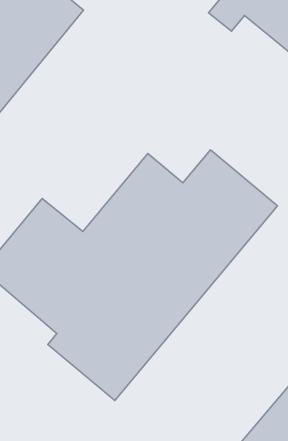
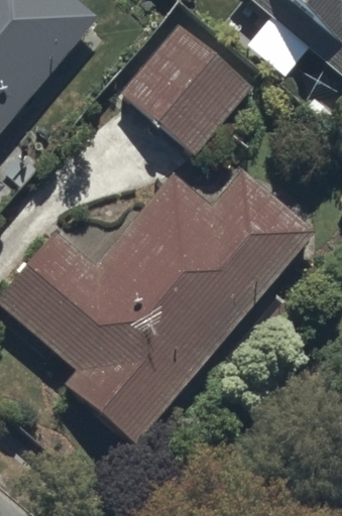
building: none -> [119,22,252,154]

